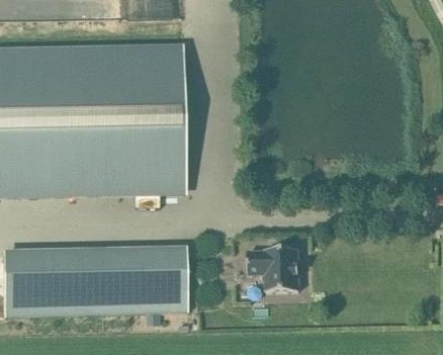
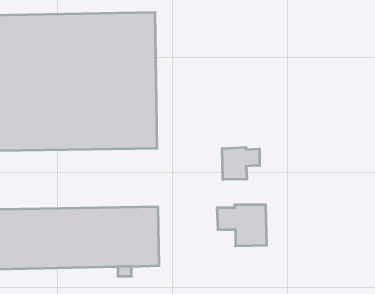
building: none -> [222,147,260,180]

